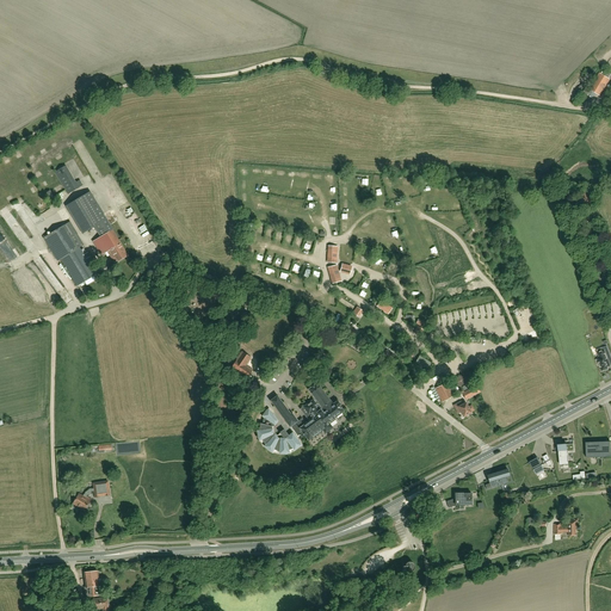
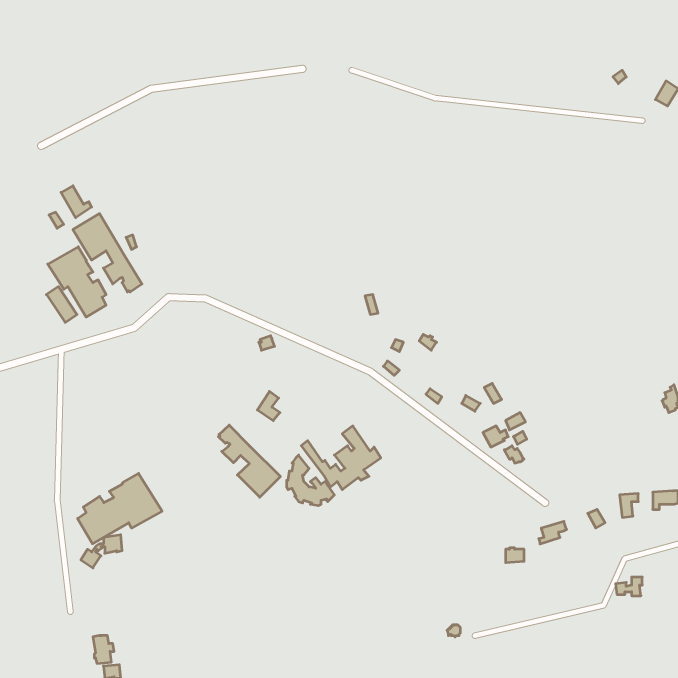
building: none -> [218,425,280,497]
building: none -> [78,473,162,544]

